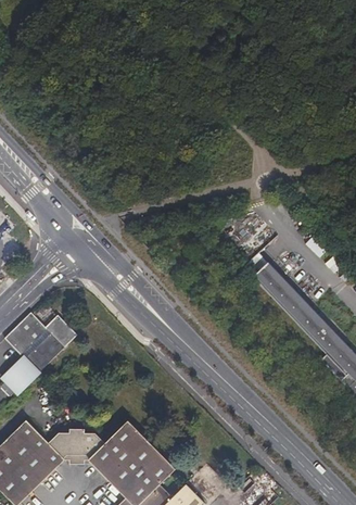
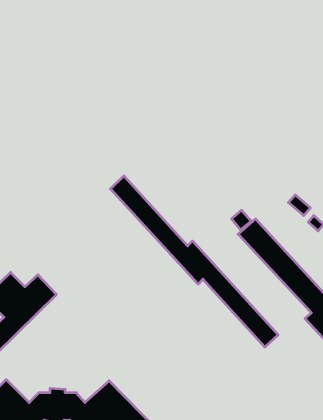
building: none -> [110,176,278,347]

